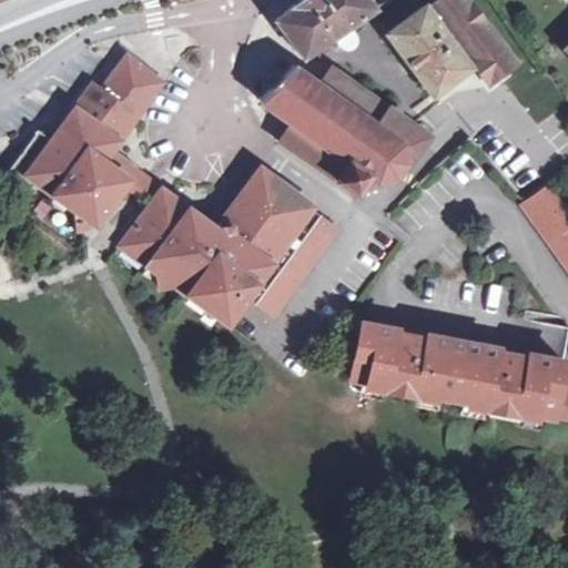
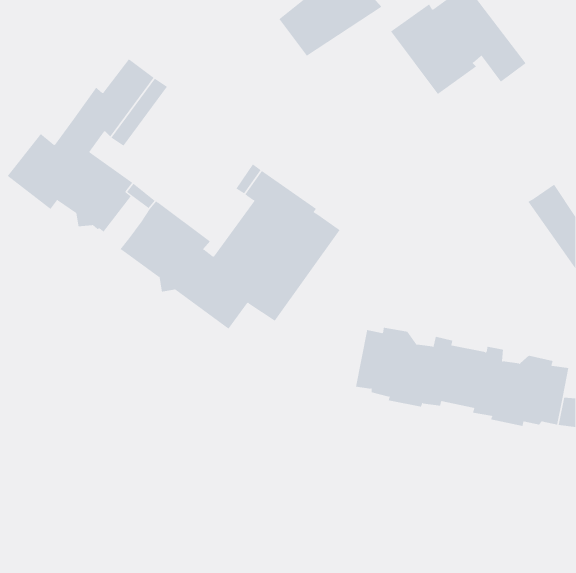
building: [267,58,428,197] -> none

